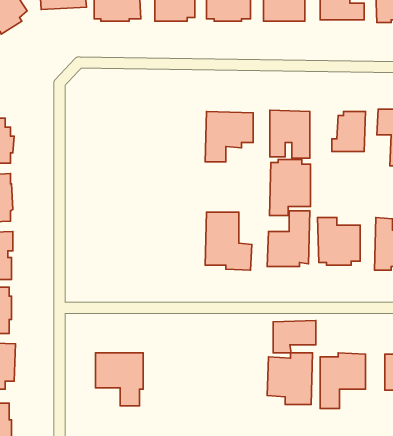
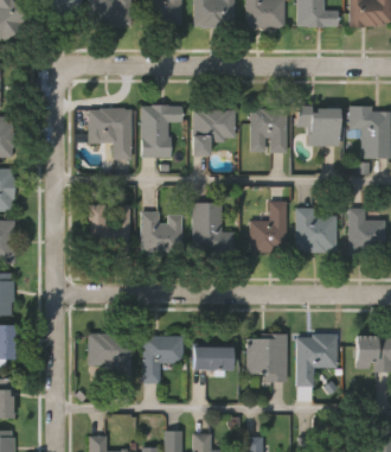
building: none -> [139,104,179,158]
building: none -> [86,108,129,159]
building: [269,160,310,216] -> none
building: none -> [86,204,127,252]
building: none -> [140,212,181,255]
building: [273,320,316,353] -> [194,344,233,374]
building: none -> [145,335,184,381]

